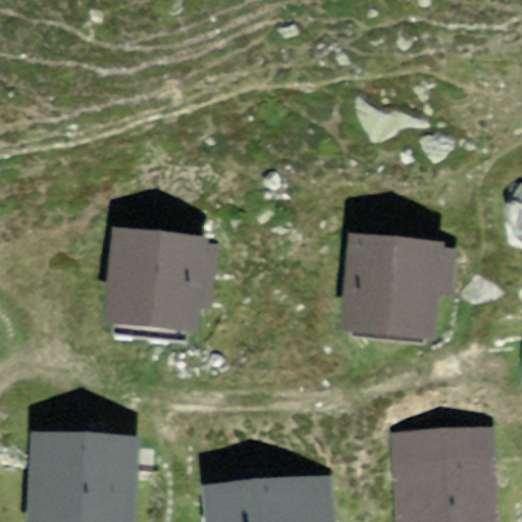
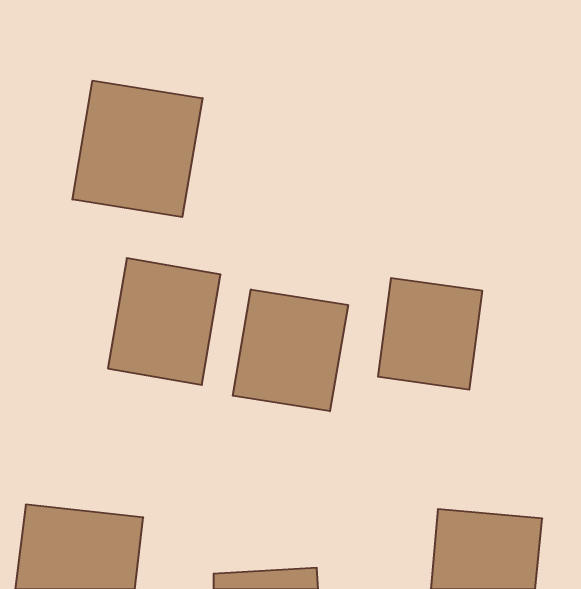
building: none -> [72,81,203,217]
building: none -> [233,289,348,411]

